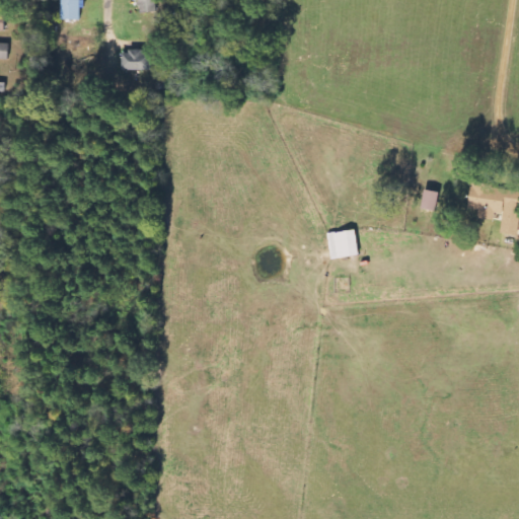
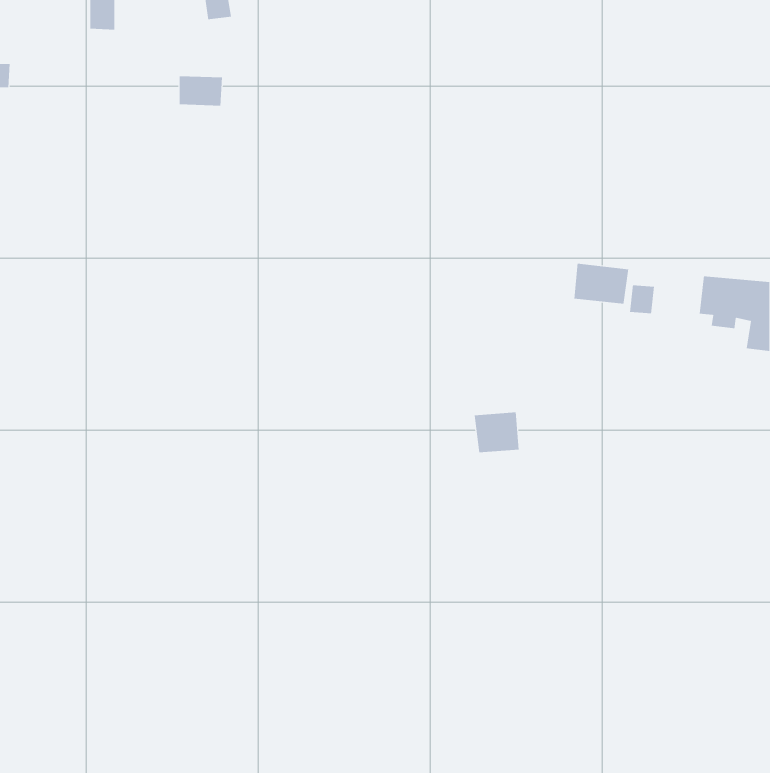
building: none -> [574,263,629,304]
building: [326,231,357,258] -> [474,412,519,453]

